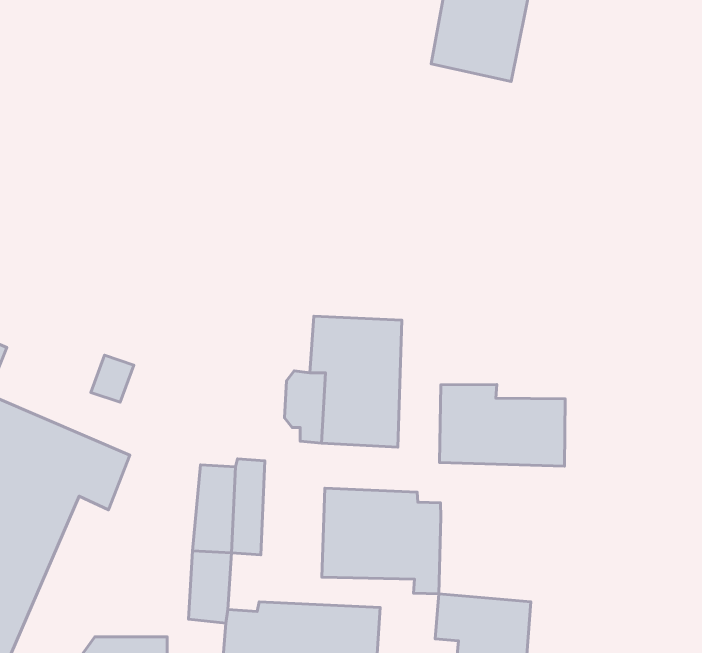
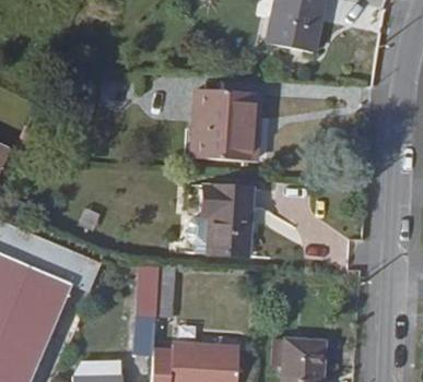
building: none -> [191,88,257,163]
building: [440,385,565,466] -> none
building: [322,488,441,594] -> none

